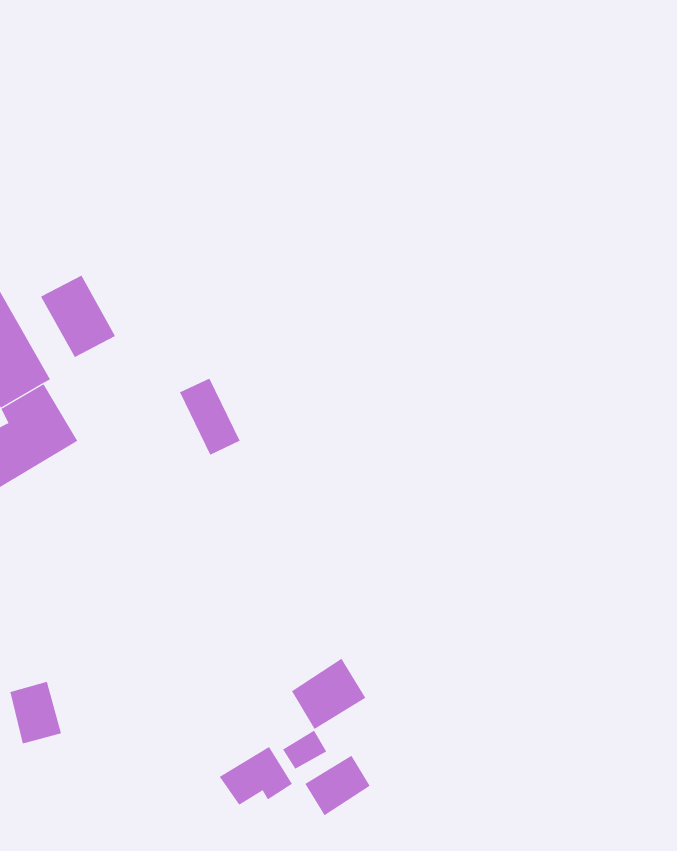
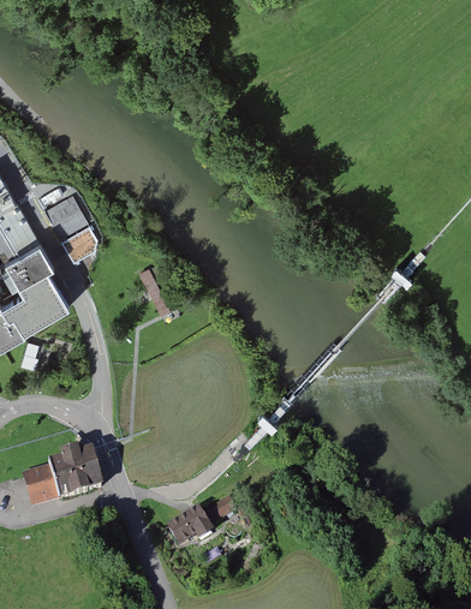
building: none -> [47,450,102,501]
building: [291,658,366,730] -> none
building: [304,755,370,816] -> none

